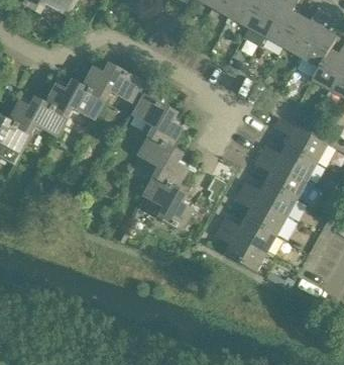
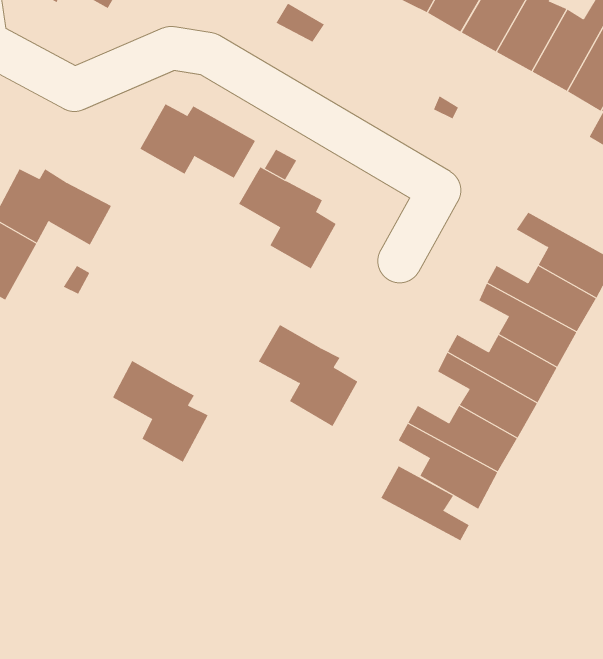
building: [44,79,105,118] -> none
building: [138,135,188,188] -> [112,360,209,463]
building: none -> [380,465,469,541]

